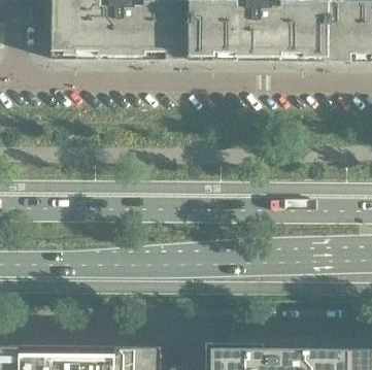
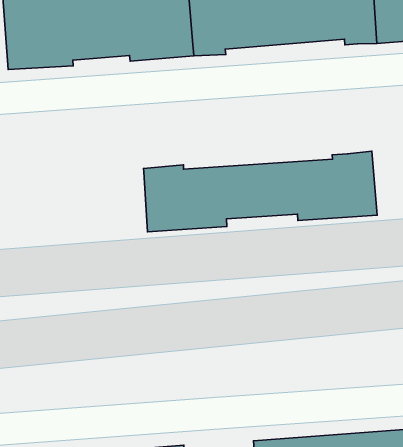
building: none -> [144,151,377,232]

